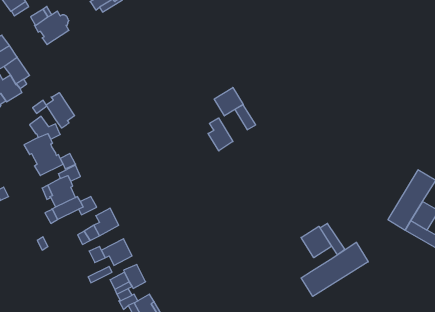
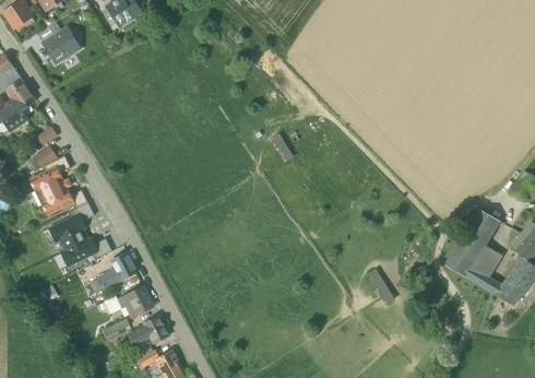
building: [214,87,243,116] -> none
building: [46,93,75,128] -> none
building: [208,118,233,151] -> none
building: [301,226,332,258] -> none
building: [301,242,368,296] -> none

